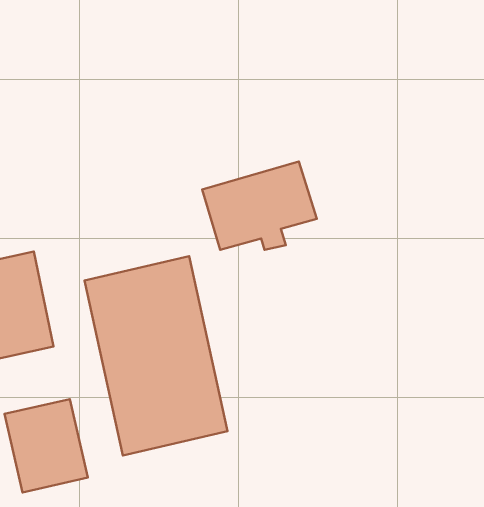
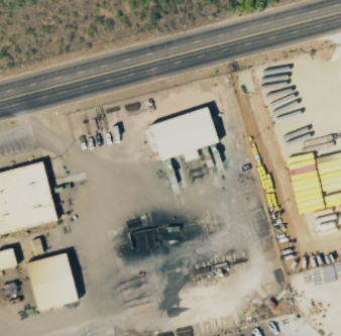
building: [85,256,227,455] -> none

